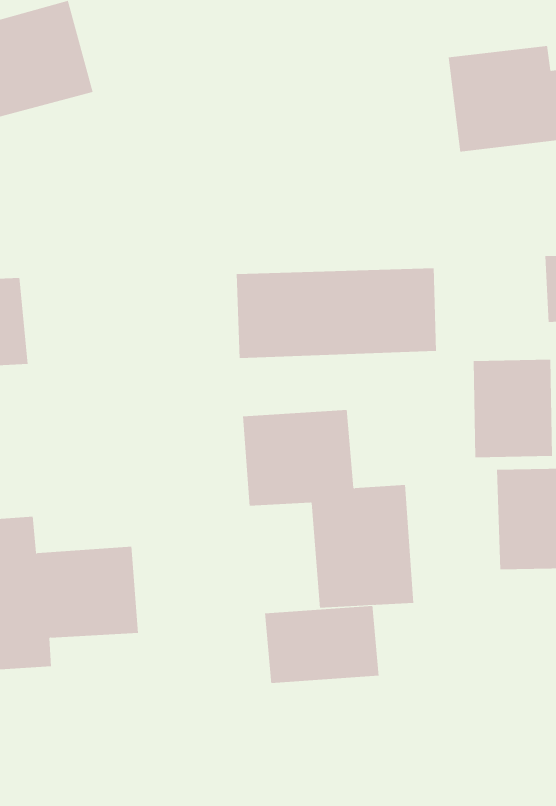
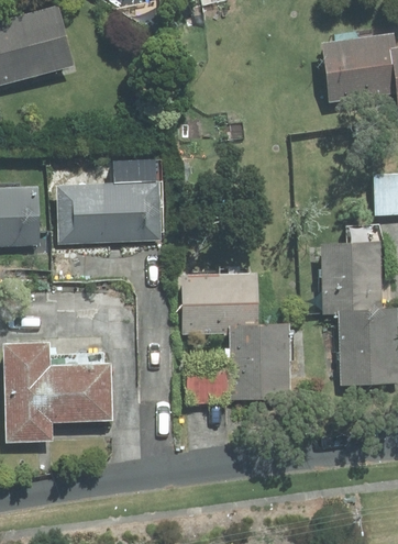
building: [236,268,437,359] -> none
building: none -> [54,184,157,245]
building: [264,605,379,684] -> none

